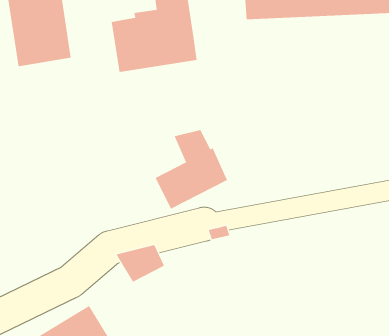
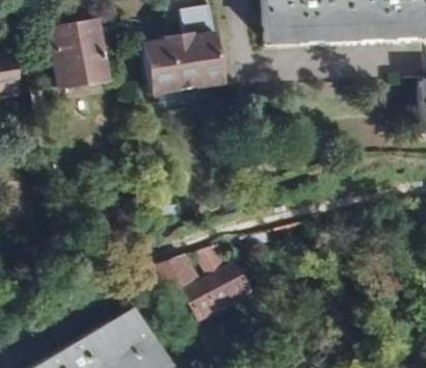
building: [155,130,228,209] -> [182,243,249,317]

